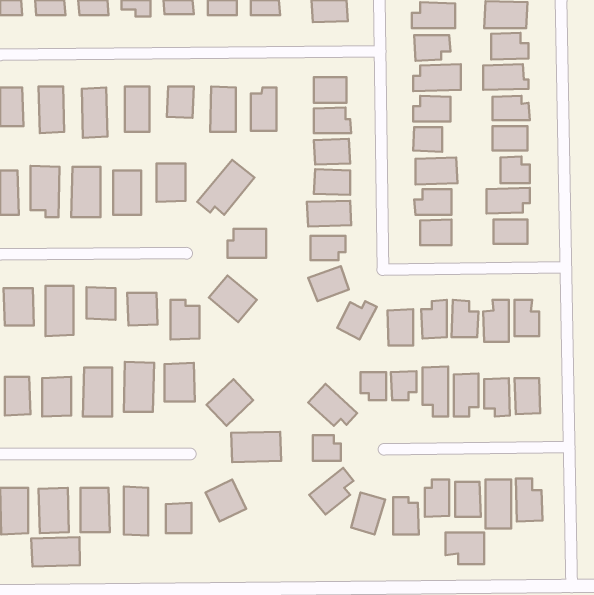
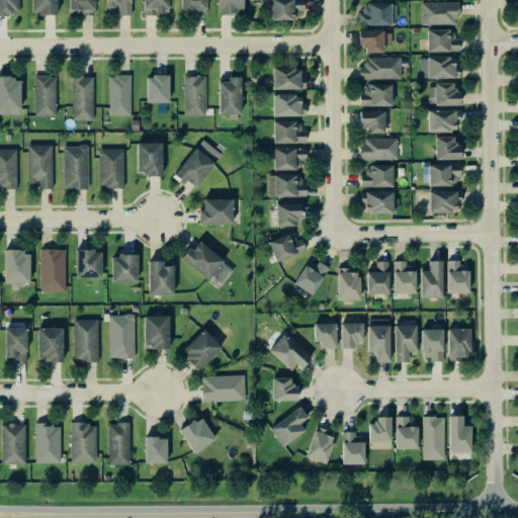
building: [446,533,484,564] -> none
building: [31,537,80,566] -> none

